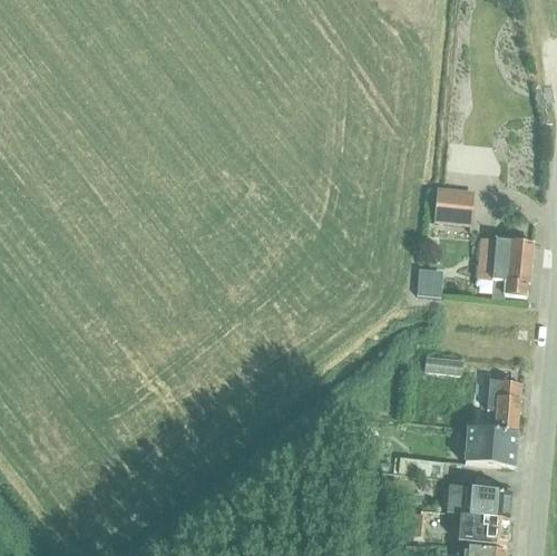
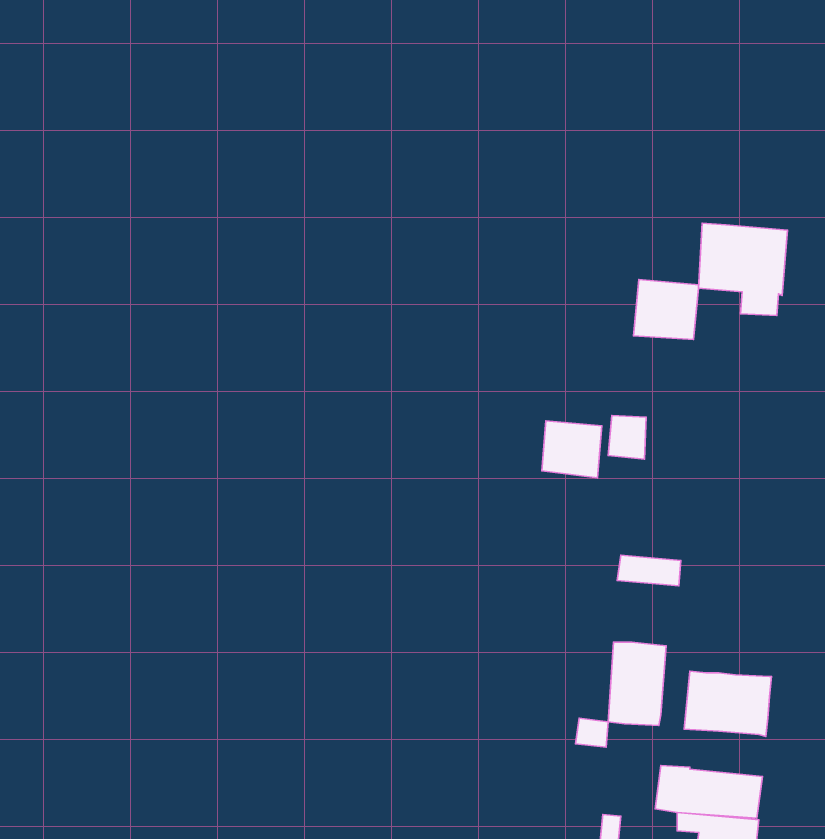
building: [478,236,532,293] -> [699,223,788,316]
building: none -> [542,421,602,478]
building: [485,379,520,430] -> [608,642,666,726]

